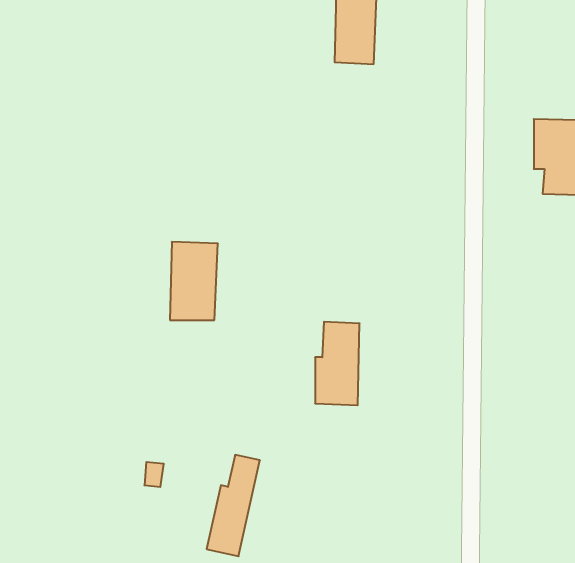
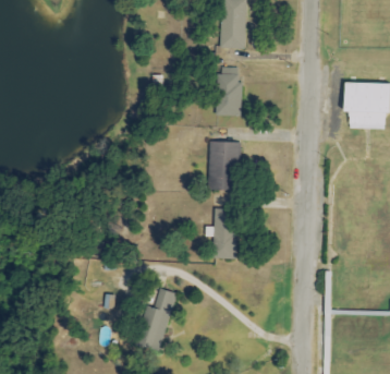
building: none -> [218,67,242,114]
building: [170,242,218,320] -> [209,140,239,188]

